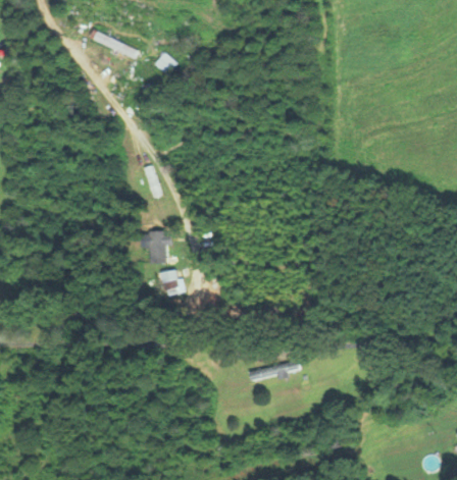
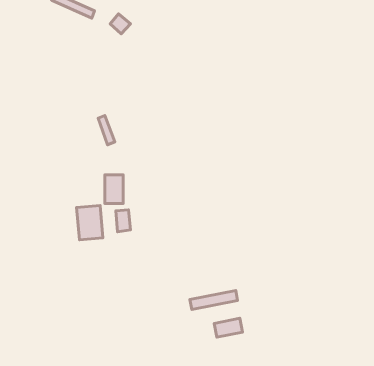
building: none -> [77,205,103,240]
building: none -> [214,318,243,337]

